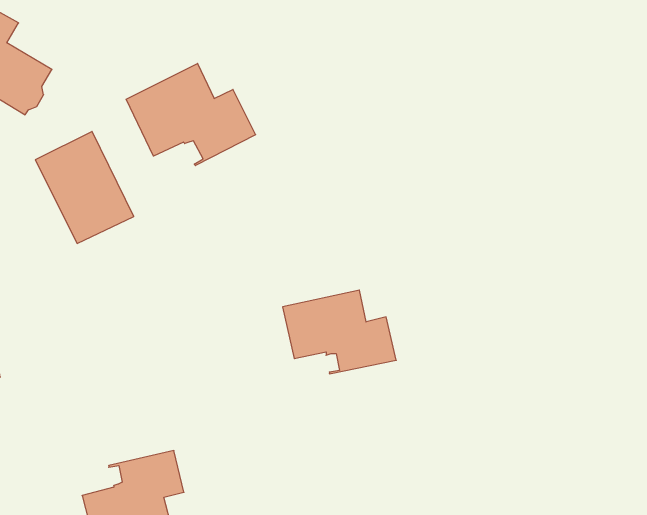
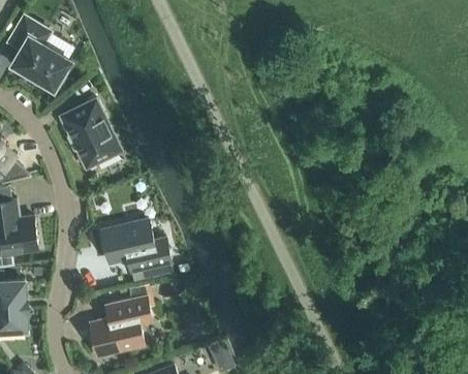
building: [126,63,256,166] -> none
building: [283,290,396,374] -> [101,221,171,273]

